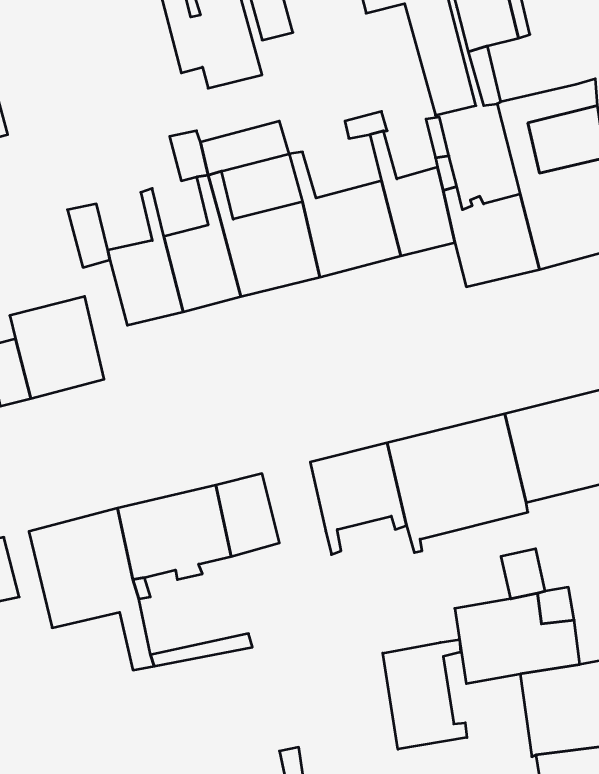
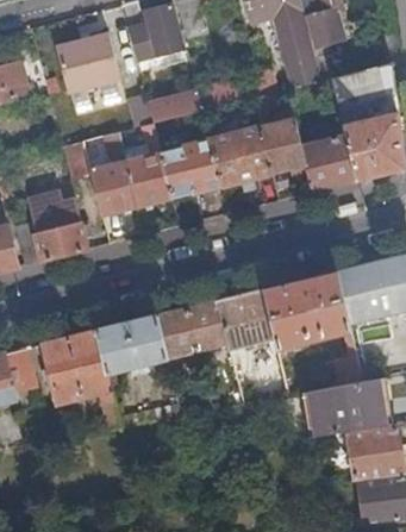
building: none -> [56,32,120,93]
building: none -> [186,300,225,350]
building: [383,640,467,749] -> none

